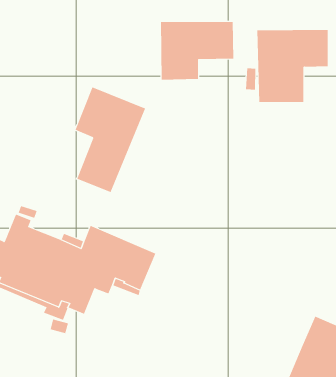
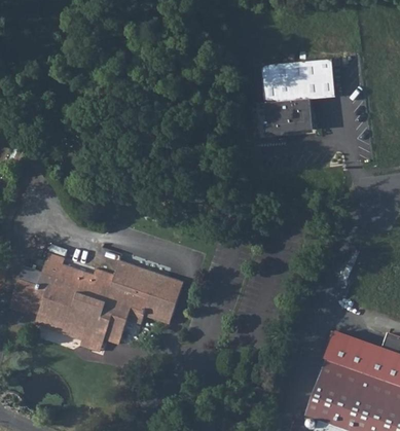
building: [160,21,234,81] -> none
building: [75,86,146,193] -> none

